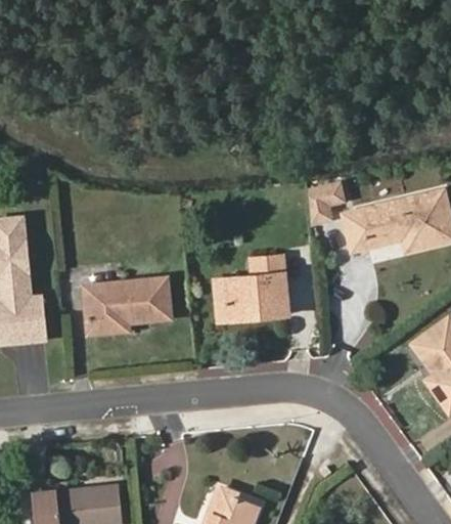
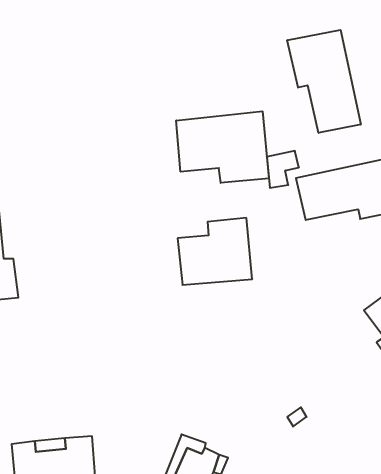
building: none -> [287,30,361,133]
building: none -> [176,111,269,183]
building: [82,276,175,338] -> none

